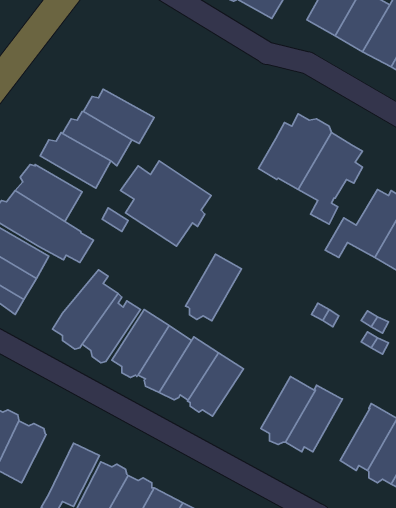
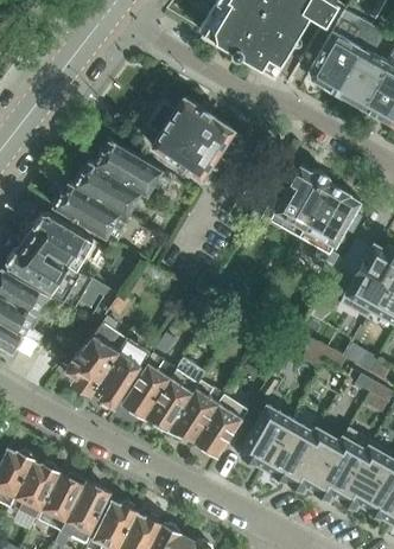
building: [121,161,211,246] -> [146,96,233,178]
building: [186,254,241,321] -> [239,403,292,467]
building: none -> [313,434,368,498]
building: none -> [36,473,84,530]

